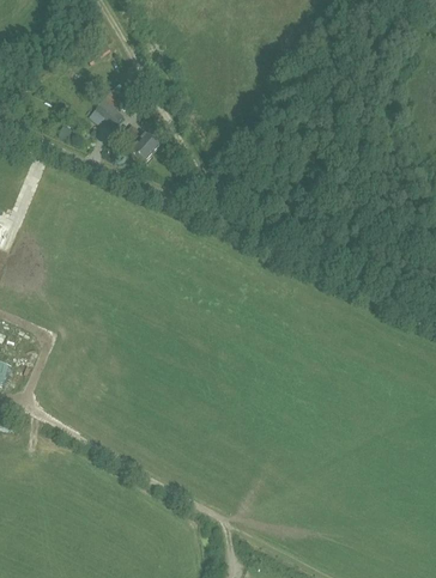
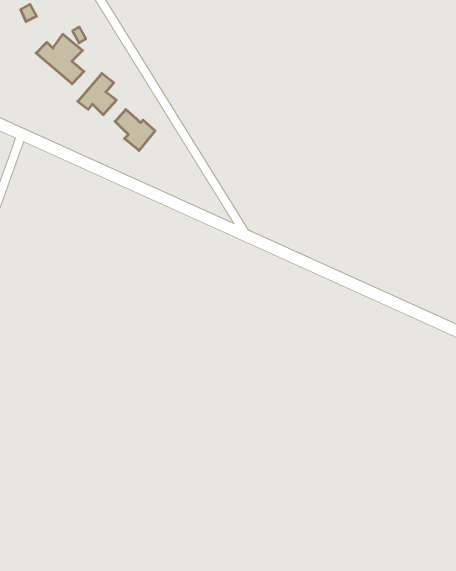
building: none -> [36,34,84,84]

